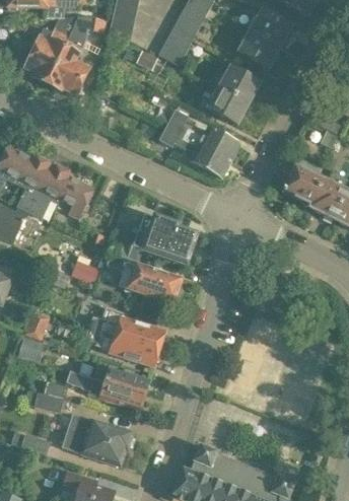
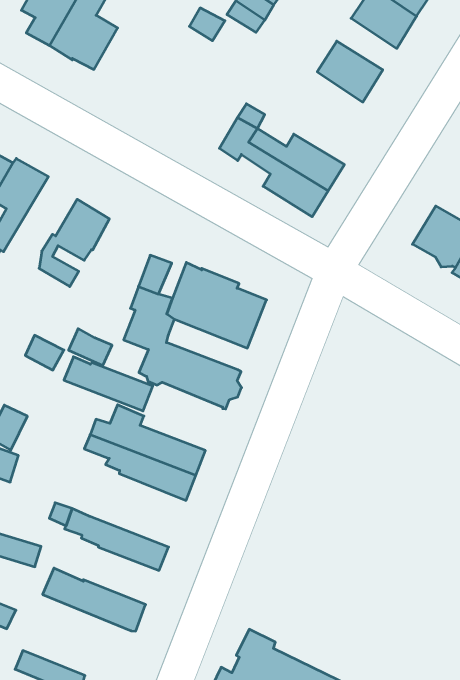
building: [207,86,249,124] -> none
building: [28,164,73,215] -> none
building: [92,363,149,395] -> [64,357,153,411]
building: [61,430,124,466] -> none

